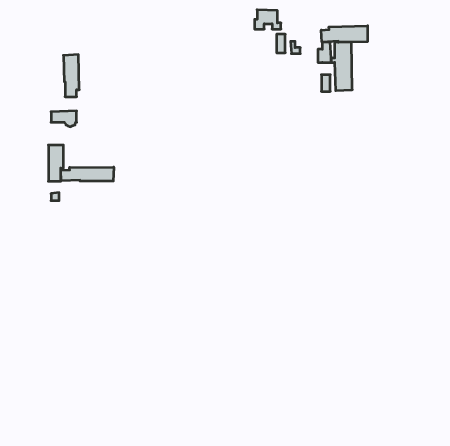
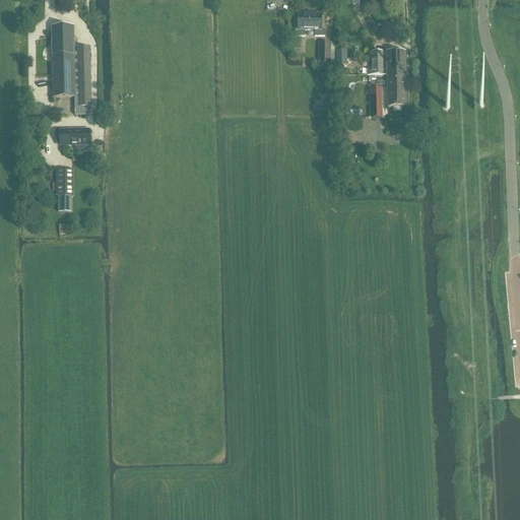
building: none -> [52,24,90,95]
building: [321,26,368,42] -> none
building: [61,167,114,181] -> none

